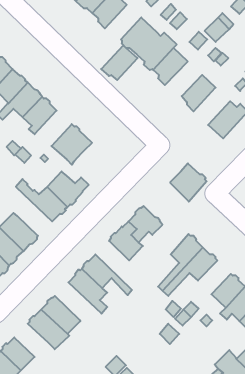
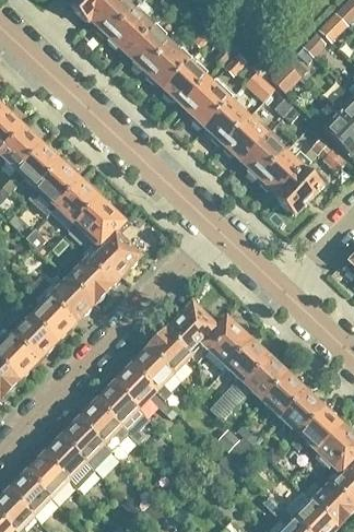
building: [101,45,138,80] -> [142,43,189,87]
building: none -> [220,116,268,161]
building: none -> [257,149,310,198]
building: none -> [51,179,99,225]
building: none -> [82,230,141,275]
building: [170,163,207,202] -> [203,316,250,365]
building: none -> [23,277,74,341]
building: none -> [130,347,179,411]
building: none -> [262,373,305,416]
building: none -> [78,401,130,450]
building: none -> [25,454,69,497]

